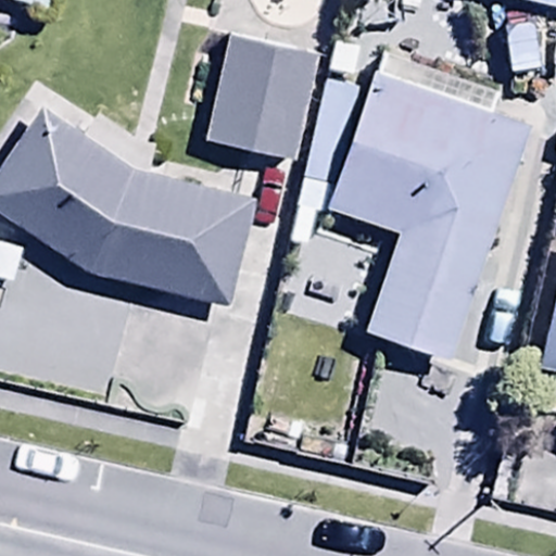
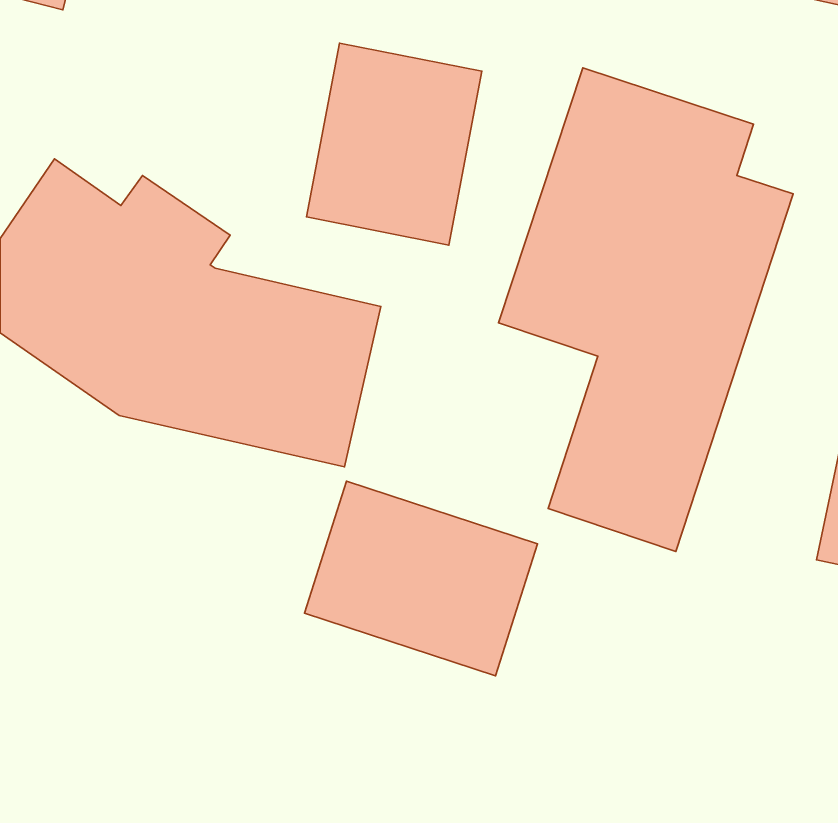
building: none -> [304,481,538,676]

